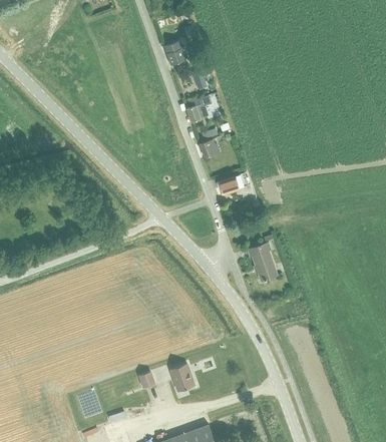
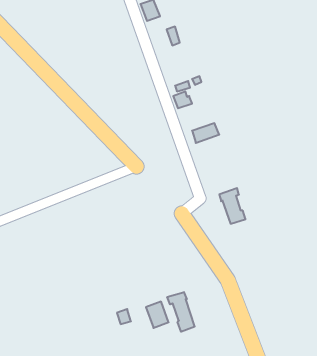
building: [186,95,212,122] -> none
building: none -> [167,292,195,332]

